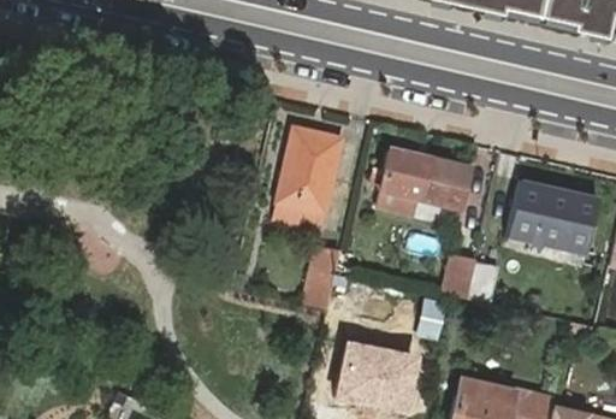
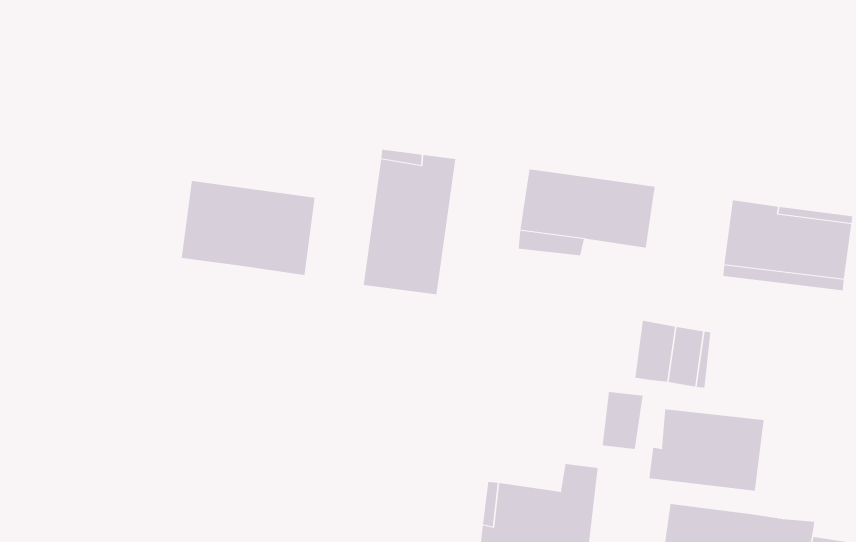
building: none -> [181,180,315,276]
building: [302,248,334,311] -> none
building: none -> [649,408,764,491]

